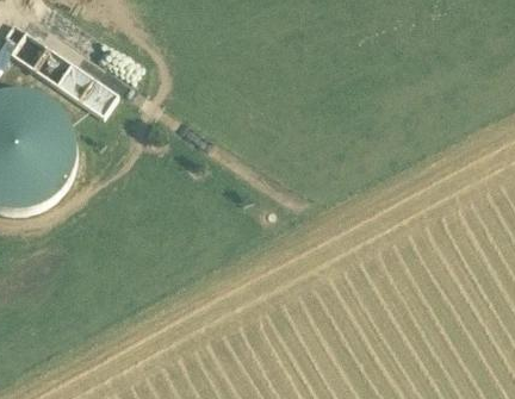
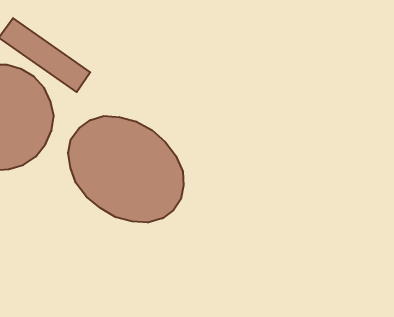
building: none -> [68,116,184,223]

